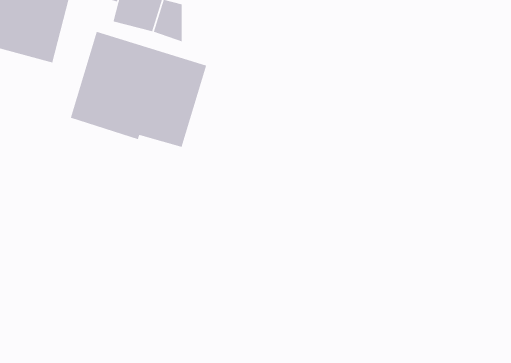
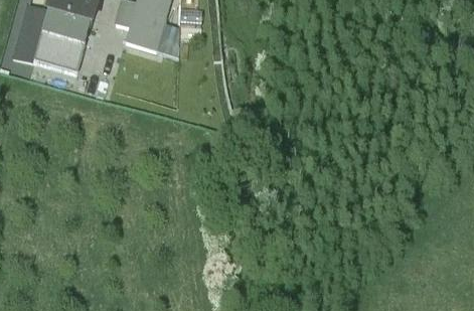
building: [70,31,207,148] -> none

